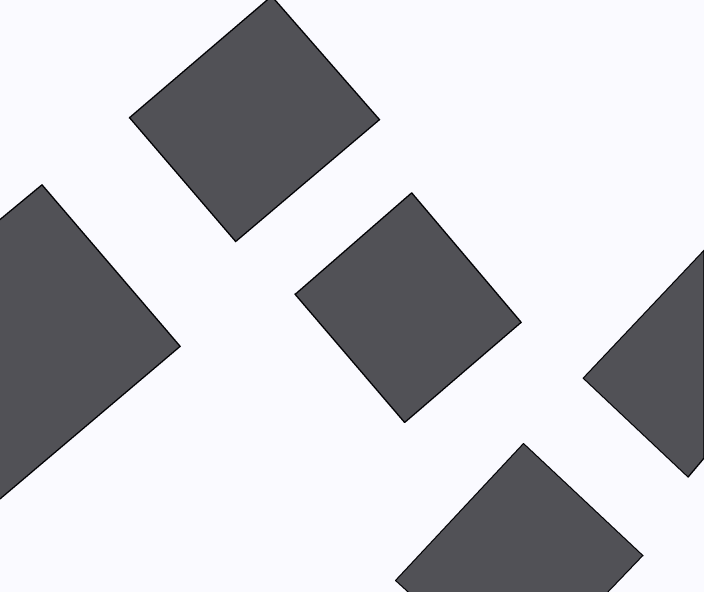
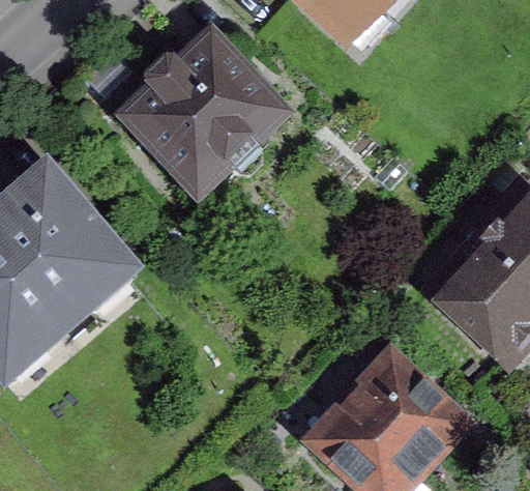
building: [295,193,521,422] -> none

